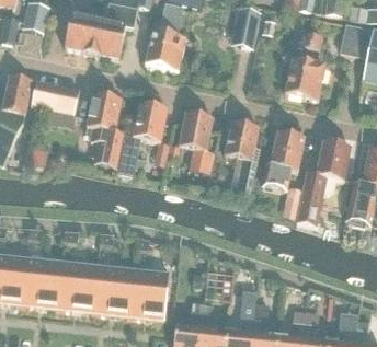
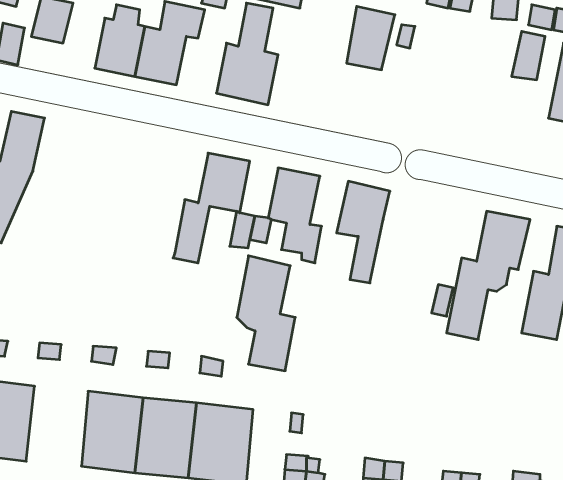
building: [285,34,325,99] -> none
building: [31,80,79,114] -> none
building: [85,92,124,167] -> [237,256,295,371]
building: [262,130,305,189] -> none
building: [20,255,60,308] -> none

